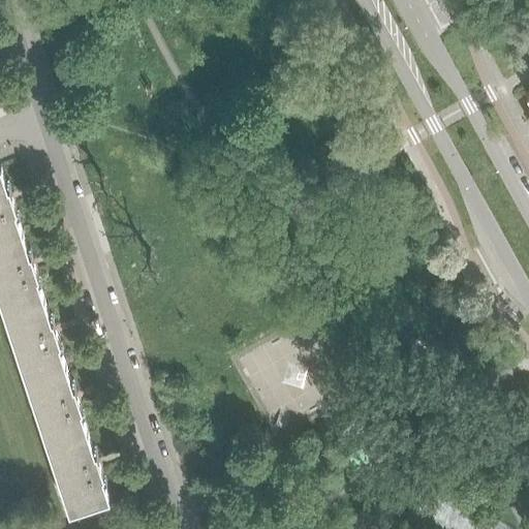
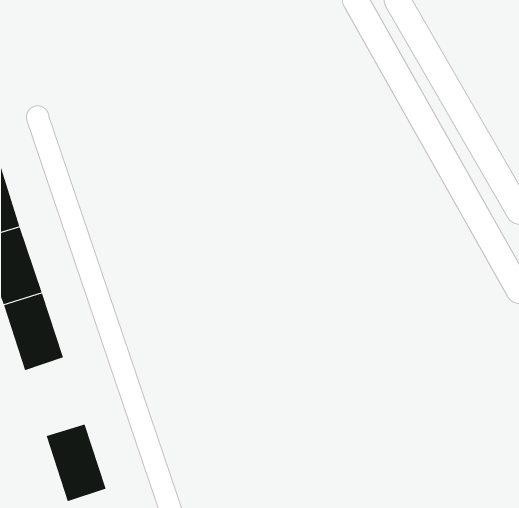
building: [25,375,87,455] -> none

